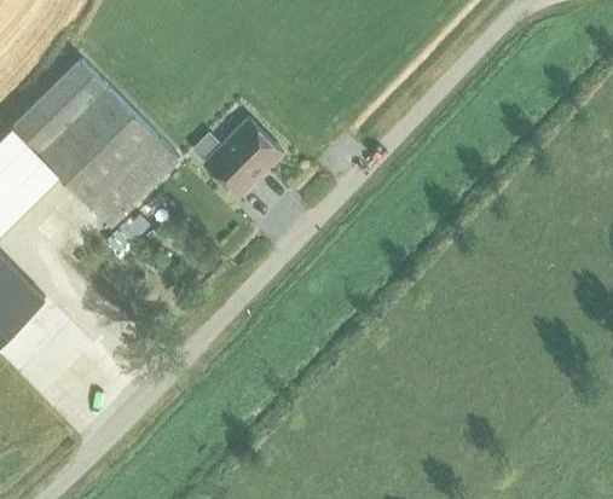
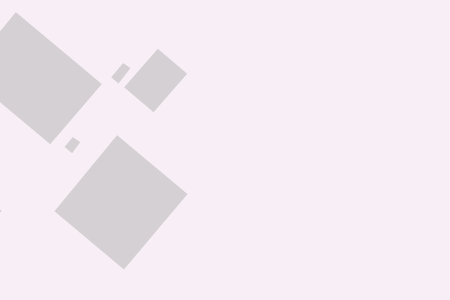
building: none -> [53,134,189,271]

